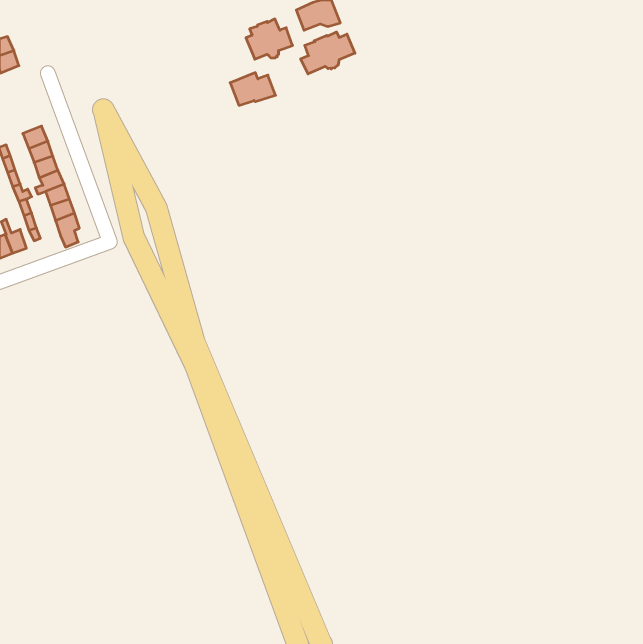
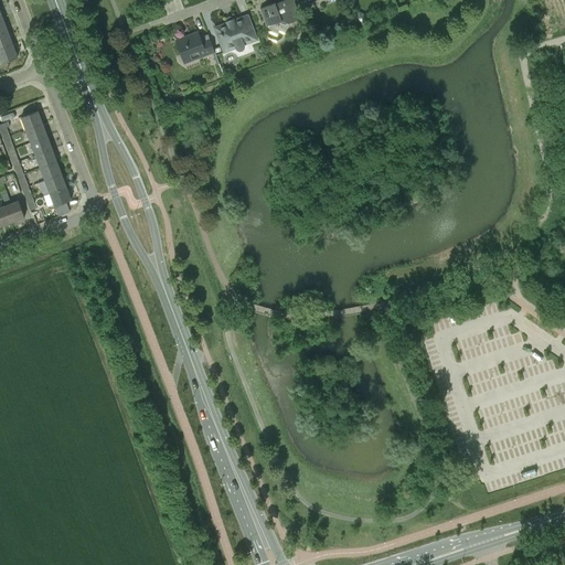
building: [301,32,355,74] -> none
building: [230,73,276,105] -> [174,32,214,61]

